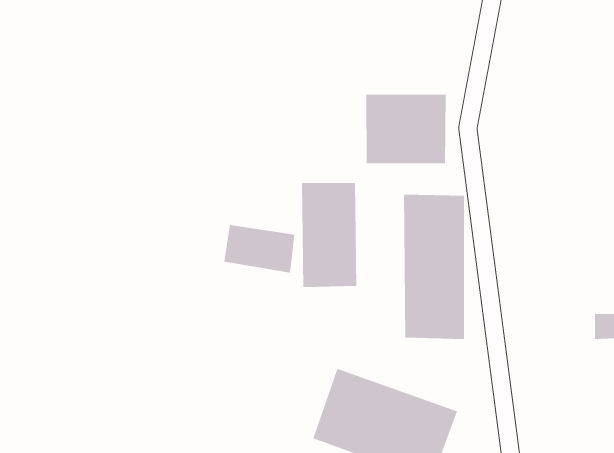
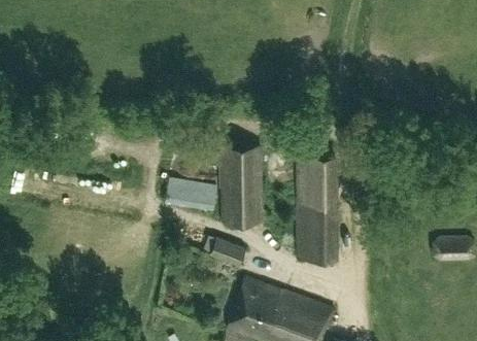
building: [366,94,446,164] -> none
building: none -> [210,239,245,266]

